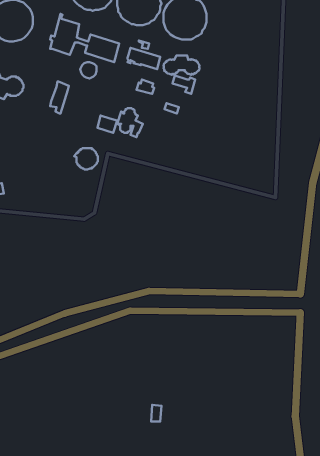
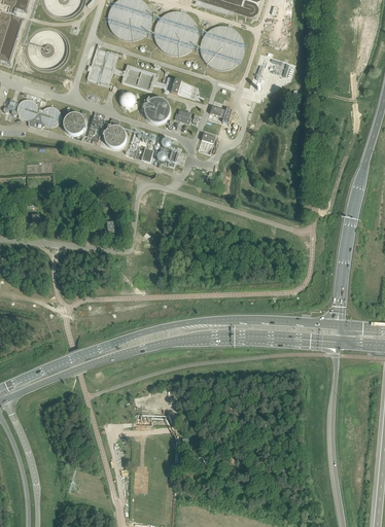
building: [163,56,200,75] -> none
building: none -> [144,98,169,124]
building: none -> [63,113,85,135]
building: [74,148,98,170] -> [102,127,126,148]

